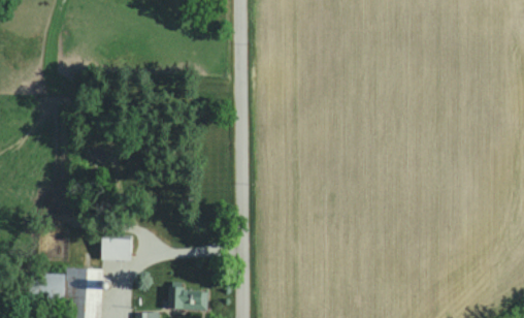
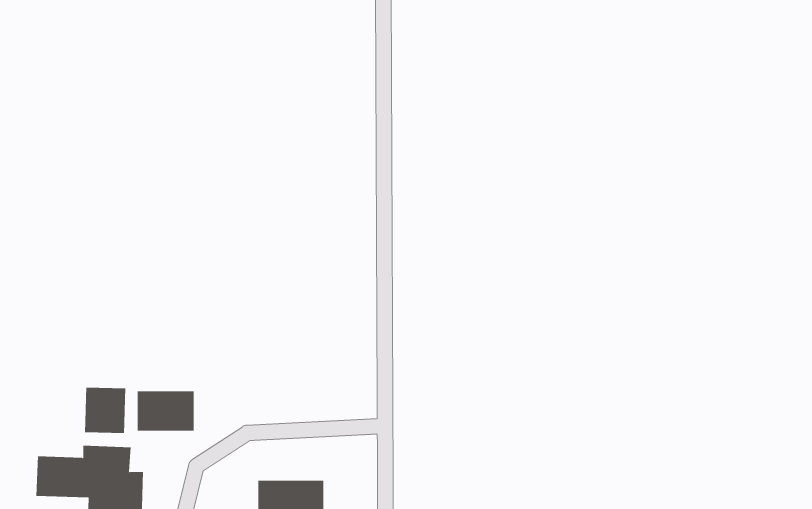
building: none -> [85,387,126,434]

